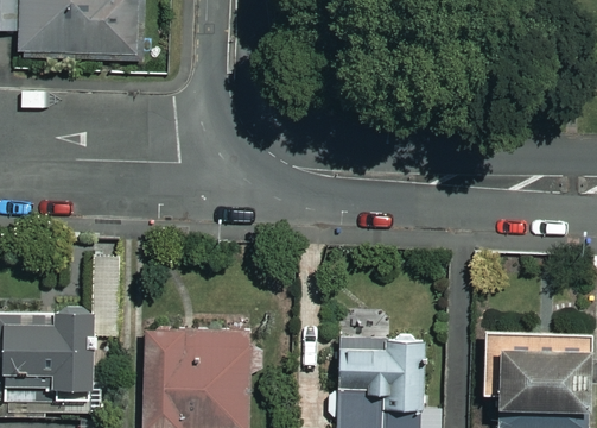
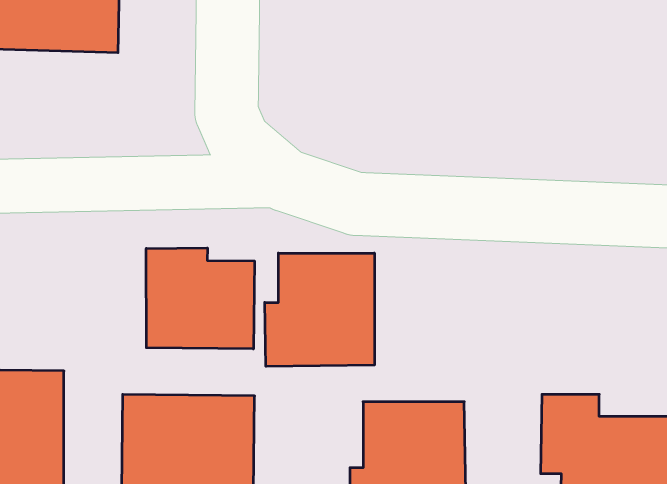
building: none -> [146,248,254,349]
building: none -> [265,253,374,366]

